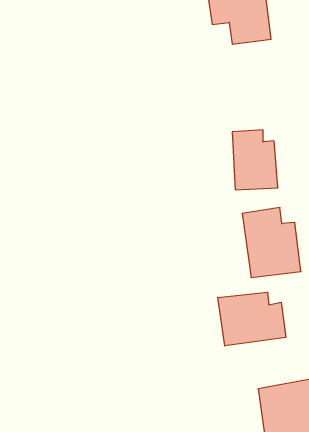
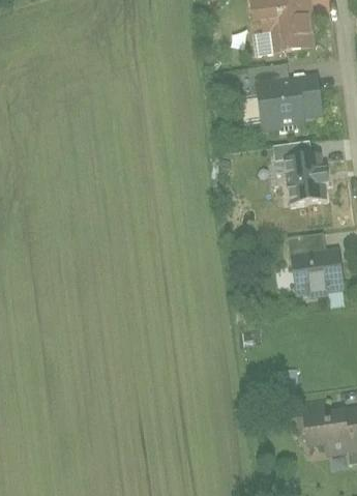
building: none -> [255,62,324,127]
building: [218,292,286,346] -> none

